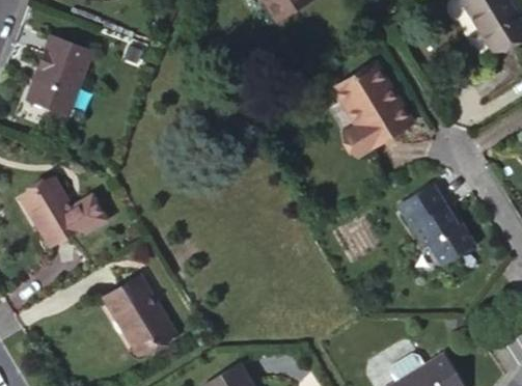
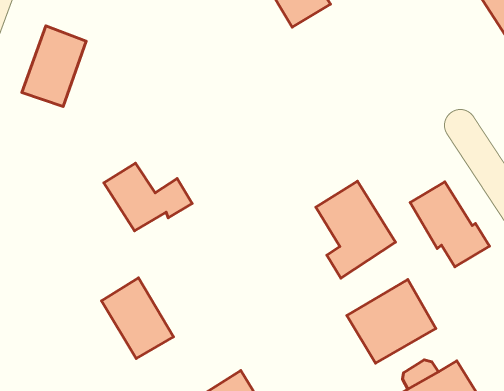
building: [336,65,412,158] -> [316,181,396,278]
building: [21,180,105,244] -> [104,163,192,231]
building: none -> [347,280,436,363]

